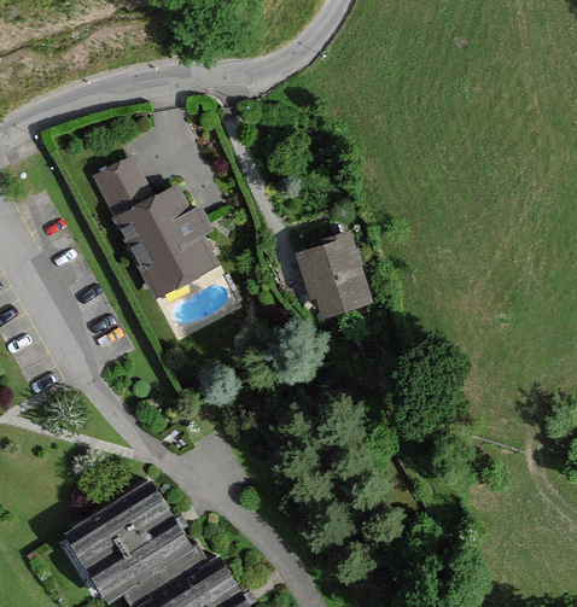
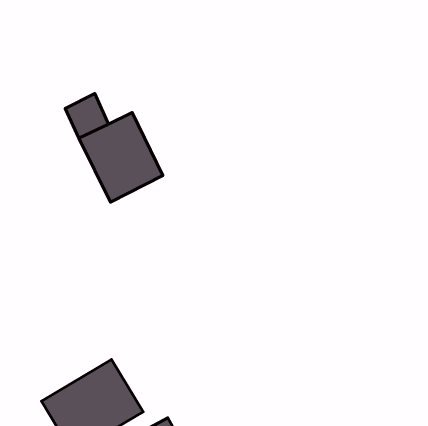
building: [292,232,373,321] -> none

